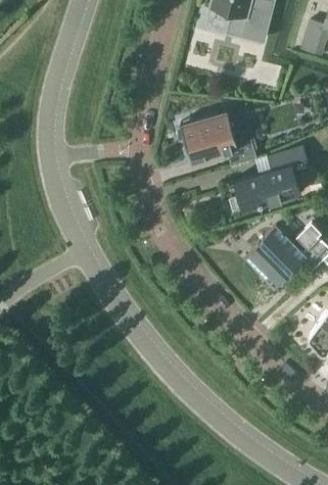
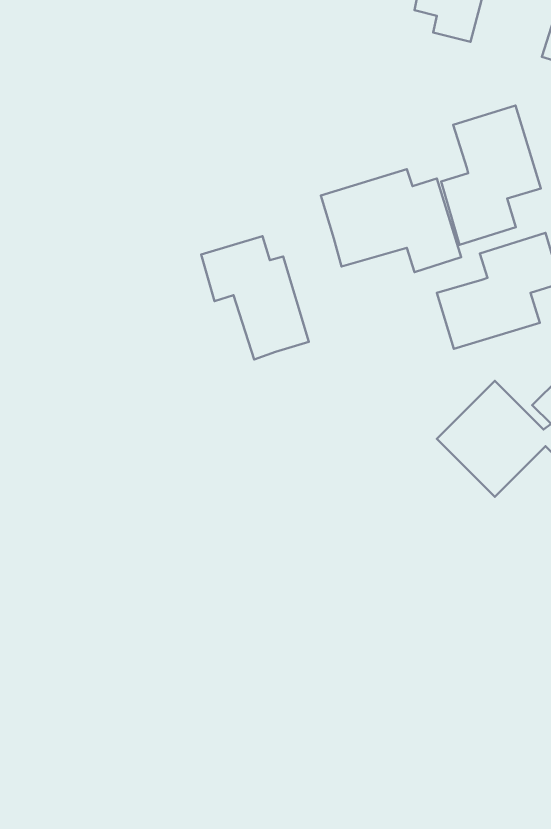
building: none -> [441,106,541,245]
building: none -> [201,236,309,359]

